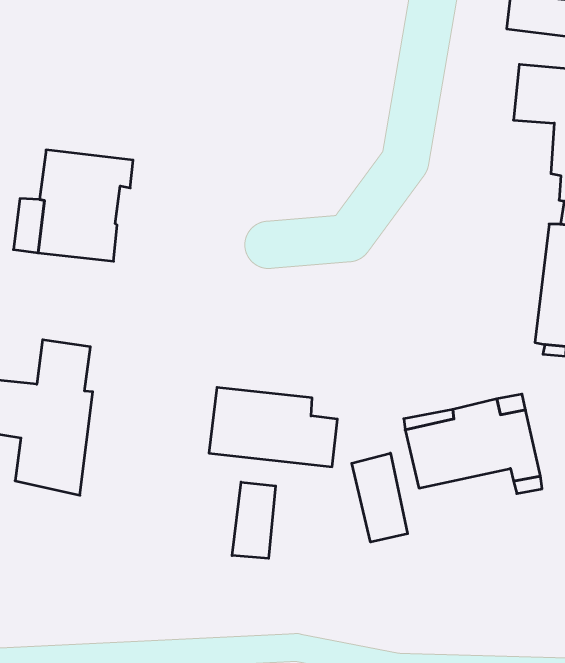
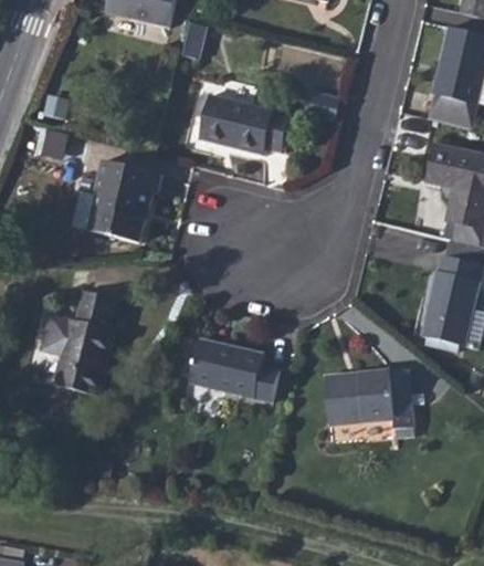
building: none -> [199,94,291,155]
building: [352,453,408,542] -> none
building: [232,482,276,558] -> none

